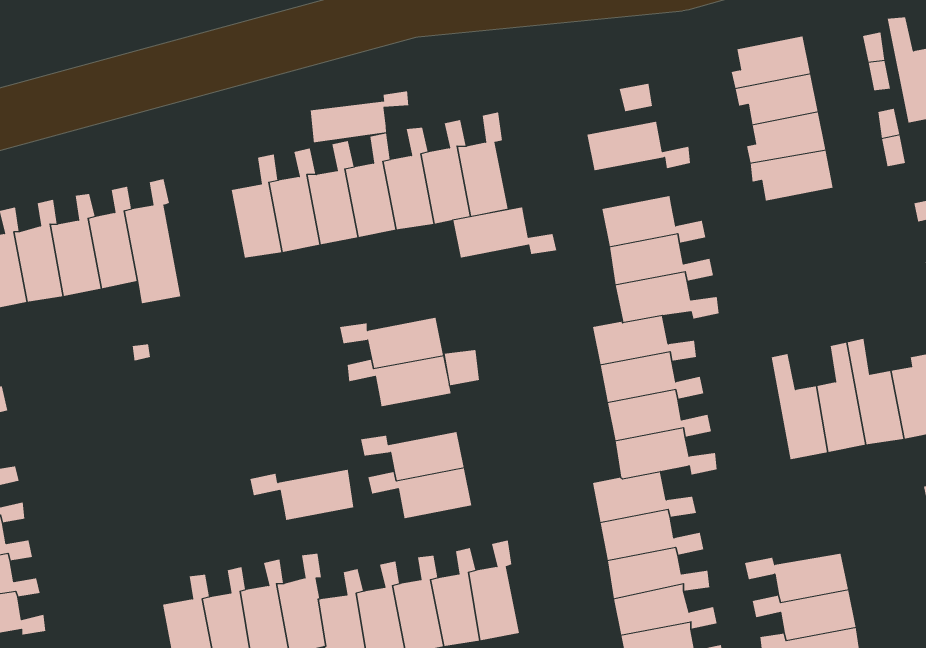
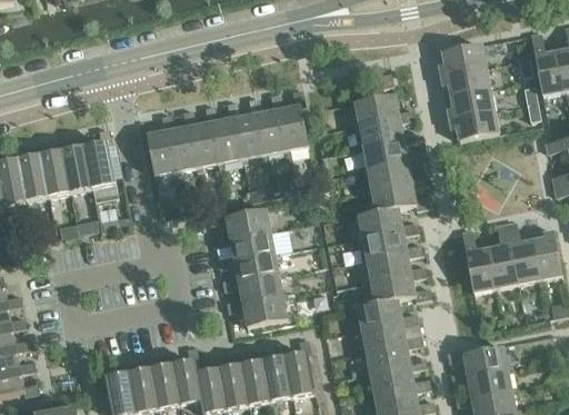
building: [310,91,409,143] -> none
building: [452,207,557,258] -> [358,115,419,145]
building: [249,469,354,521] -> [217,253,278,283]

